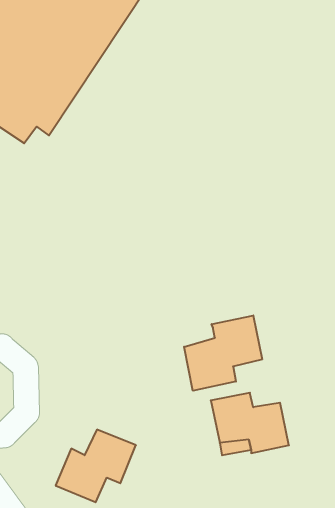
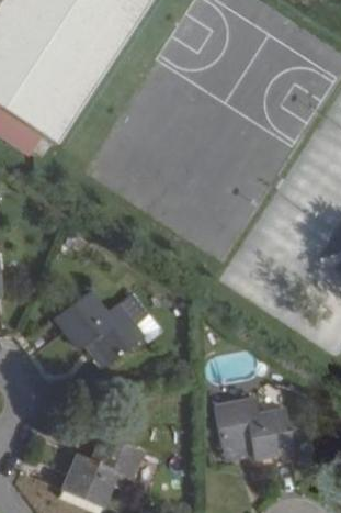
building: none -> [56,292,140,361]
building: [184,315,262,391] -> none

